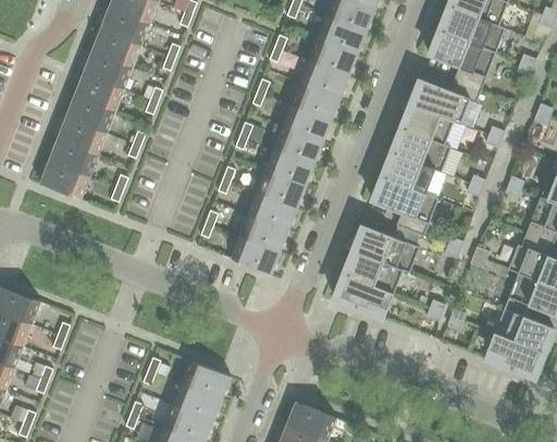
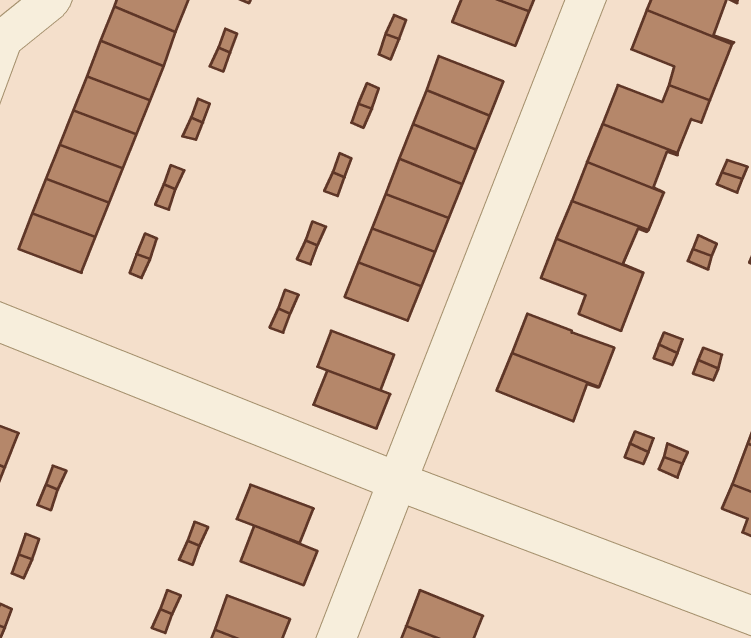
building: [307,39,356,77] -> none
building: [238,214,287,251] -> [313,370,390,428]
building: [334,274,393,312] -> none
building: [172,383,221,420] -> [237,485,314,543]

